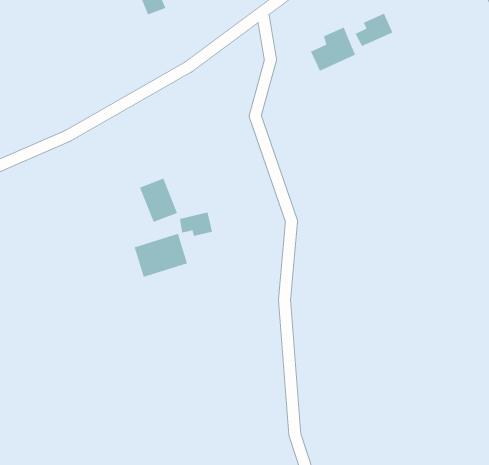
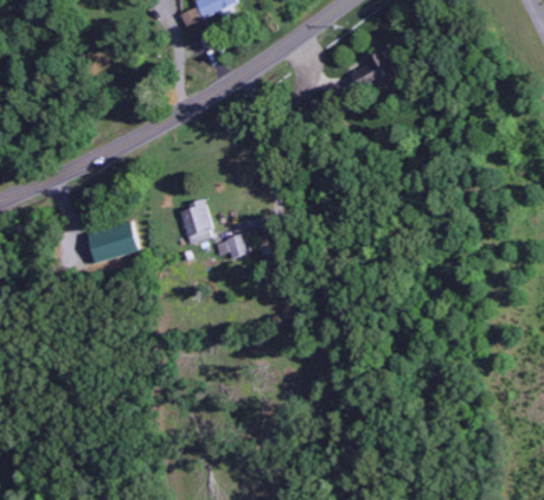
building: [355,13,393,47] -> none
building: [134,233,188,278] -> [85,219,140,264]

